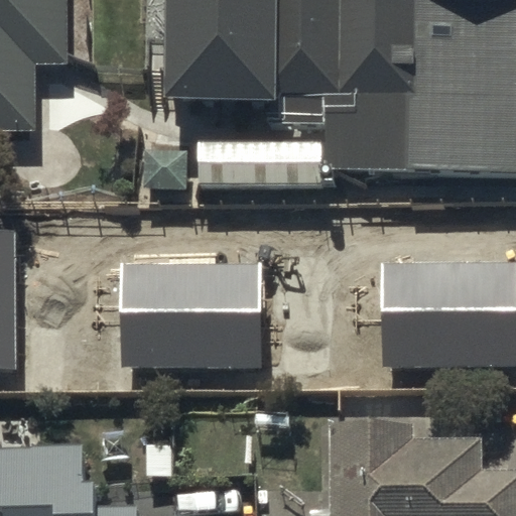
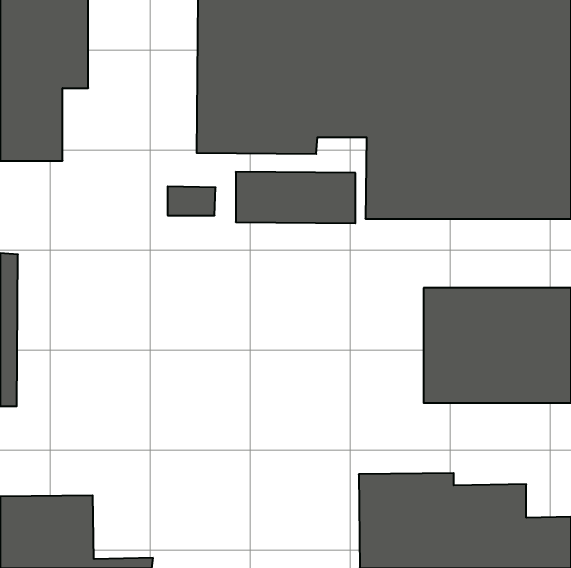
building: [121,261,263,365] -> none

